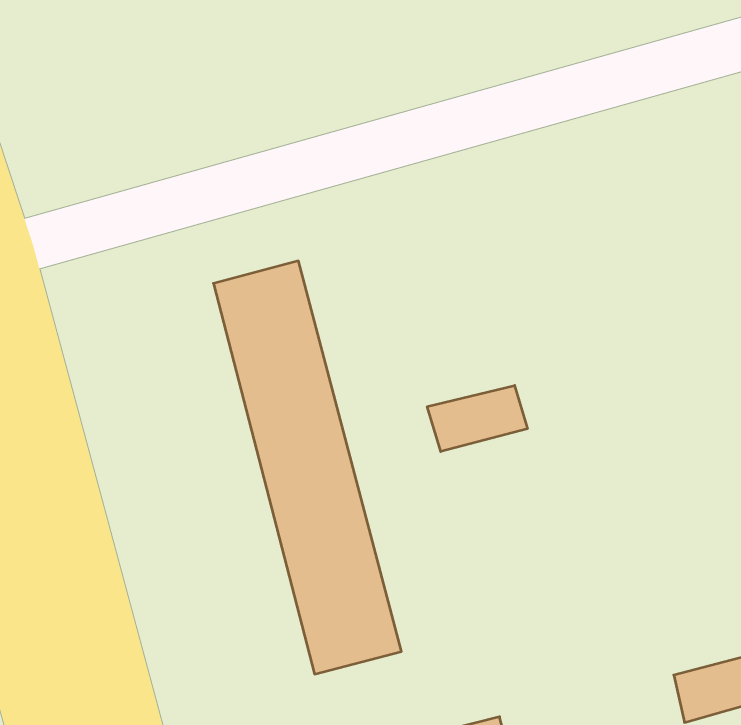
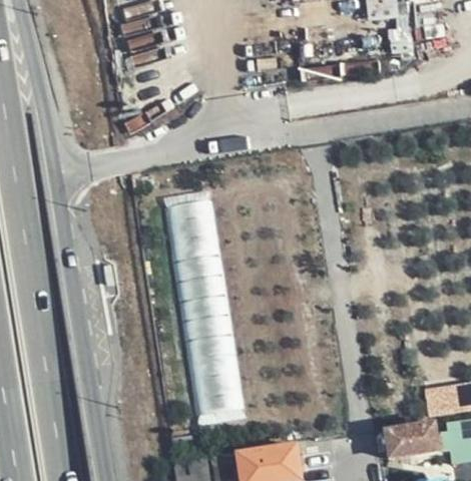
building: [427,385,527,452] -> none

